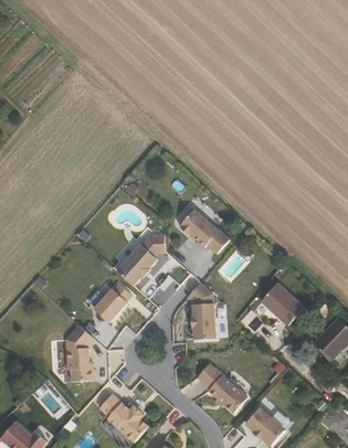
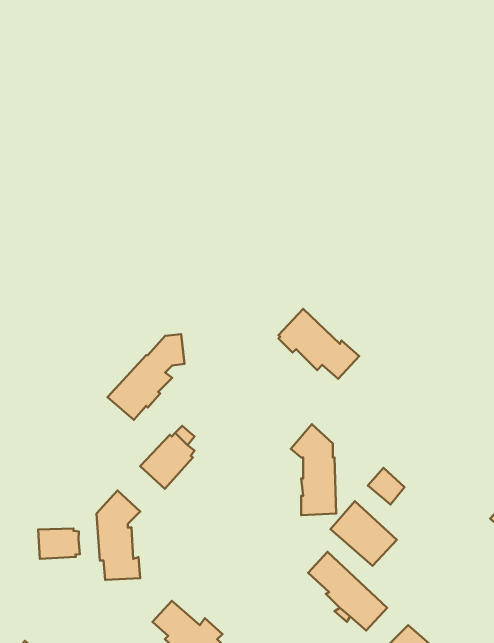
building: [116,231,165,285] -> [108,334,185,420]
building: [259,284,300,324] -> [330,501,397,566]
building: none -> [38,529,80,559]

